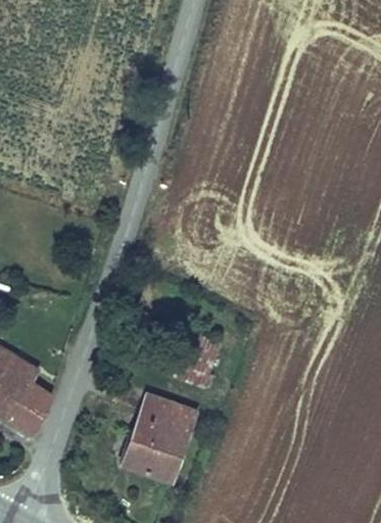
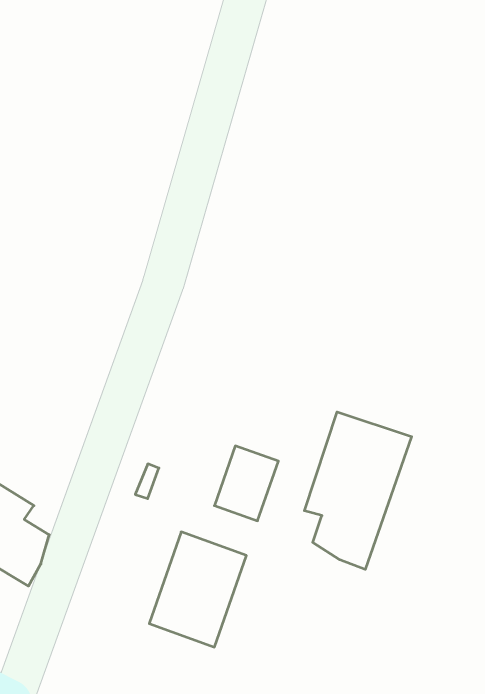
building: none -> [304,412,412,569]

